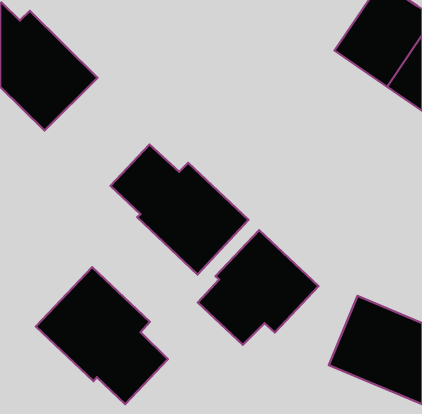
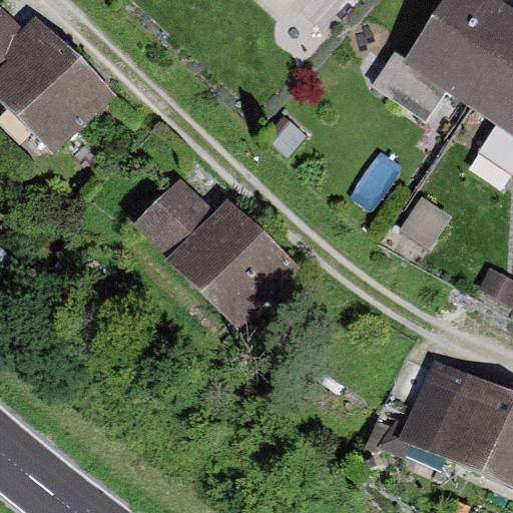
building: [198,230,318,345] -> none
building: [36,267,168,404] -> none

